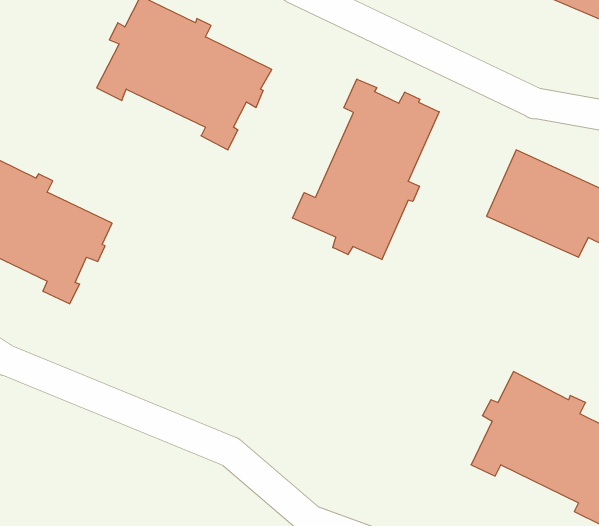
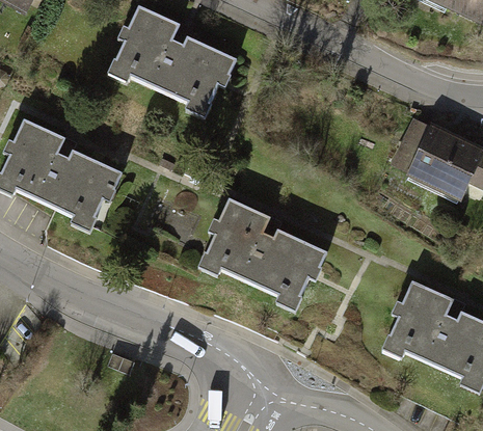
building: [293,79,439,260] -> none
building: none -> [198,199,326,312]

